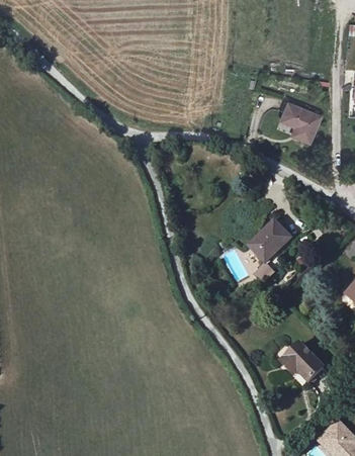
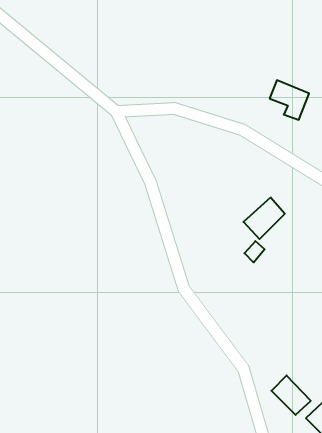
building: [280,342,320,381] -> [271,375,311,415]

